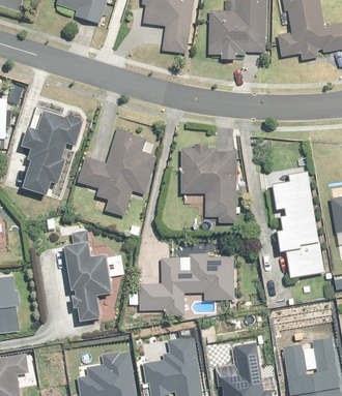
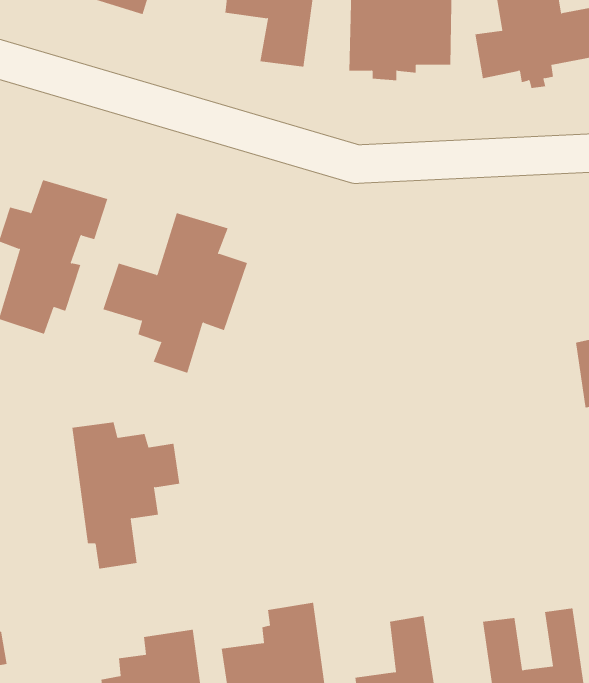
building: [182,144,236,223] -> none
building: [269,173,320,278] -> none
building: [130,253,235,315] -> none

